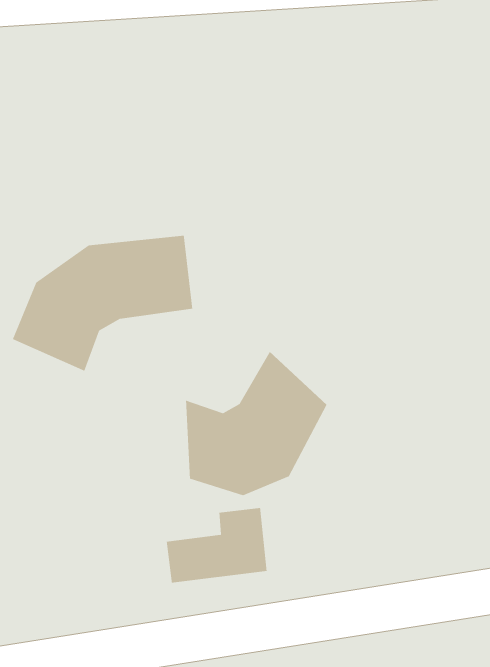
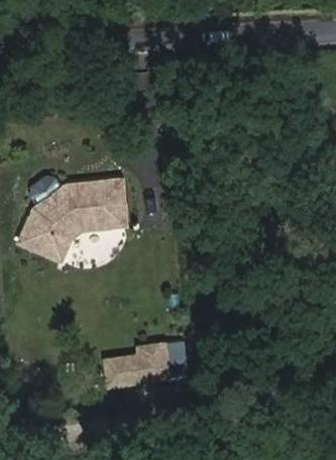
building: [185,351,327,496] -> none

